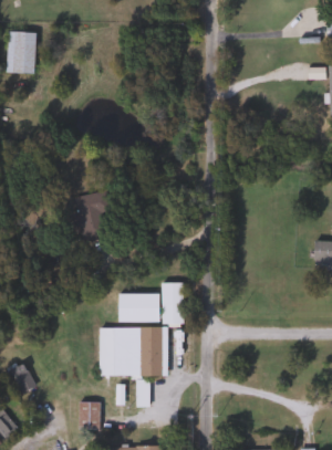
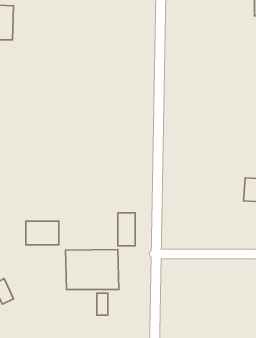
building: [74,190,114,240] -> none
building: [118,293,158,322] -> [26,221,59,245]
building: [80,401,100,428] -> none

